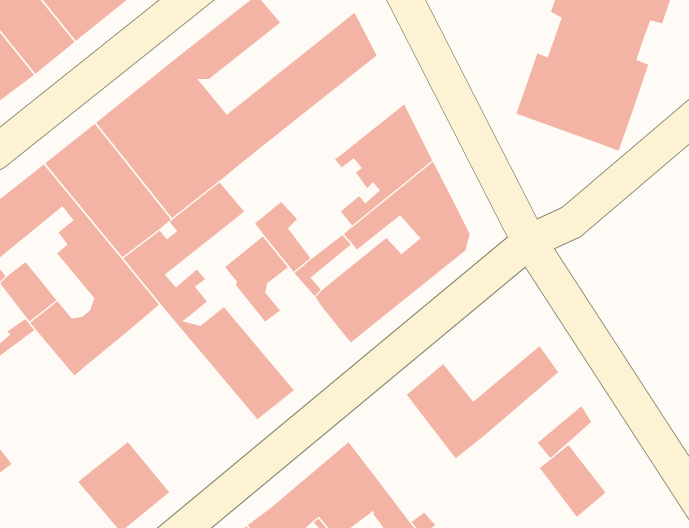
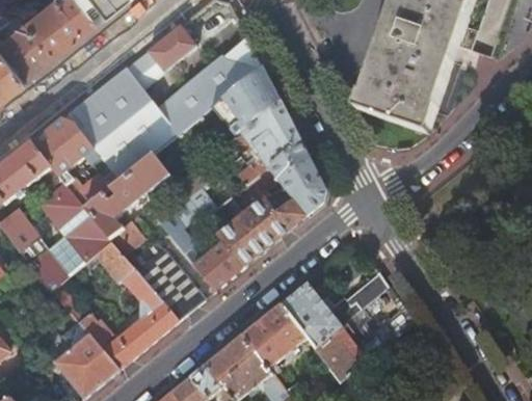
building: none -> [211,68,281,137]
building: none -> [52,240,179,370]
building: none -> [193,241,243,291]
building: none -> [242,302,312,375]
building: [539,444,606,518] -> [316,330,363,381]

